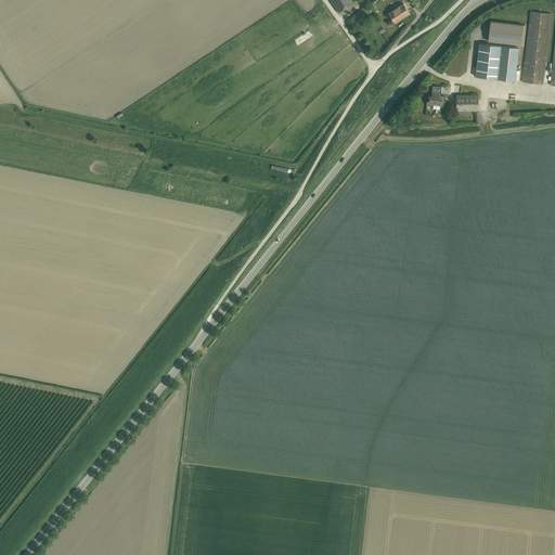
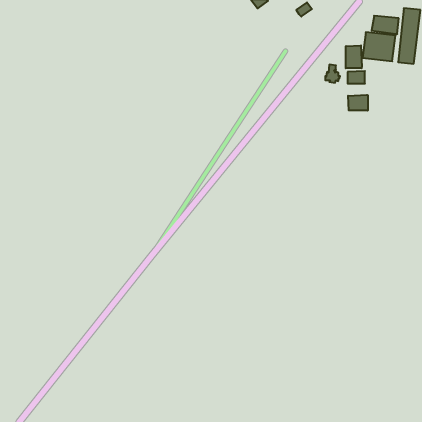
building: none -> [346,45,362,68]
building: none -> [348,95,368,111]

